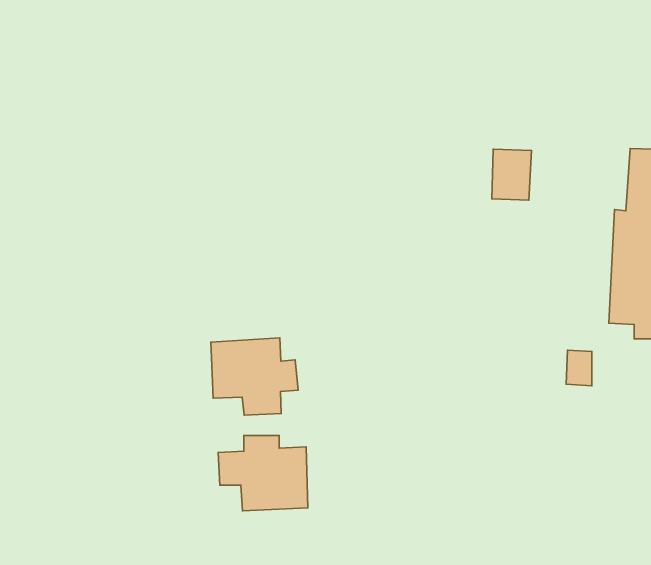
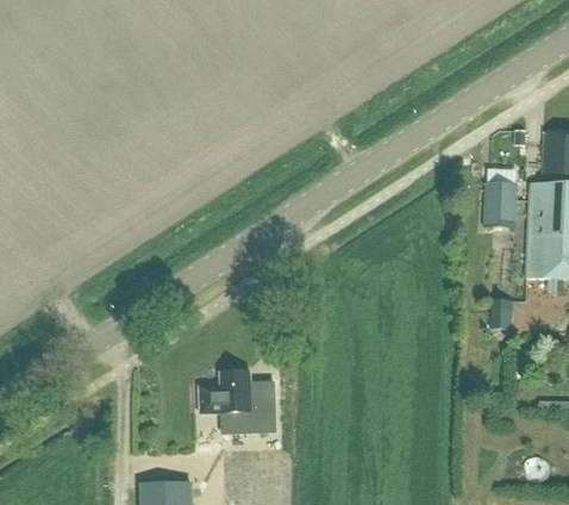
building: [492,149,532,200] -> [484,182,518,225]
building: [211,338,298,415] -> none

